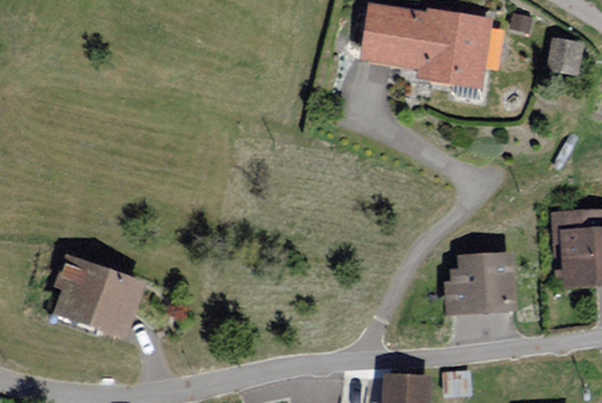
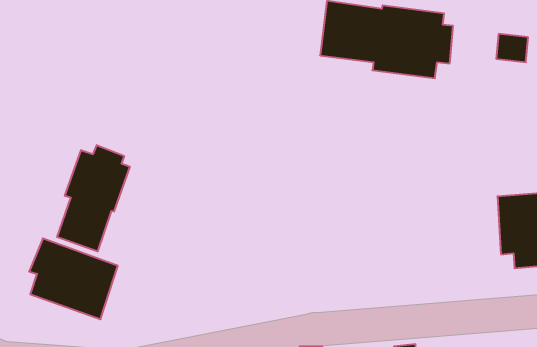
building: none -> [57,145,130,251]
building: [445,250,520,315] -> none

